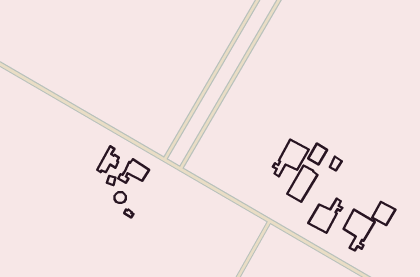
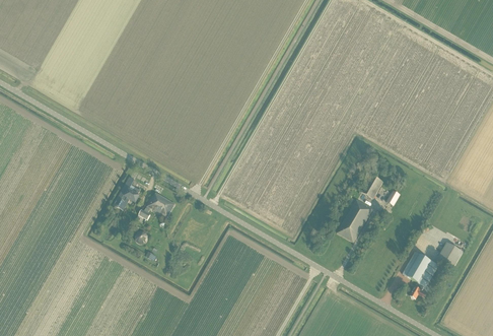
building: [273,140,309,176] -> none
building: [308,199,342,233] -> none

